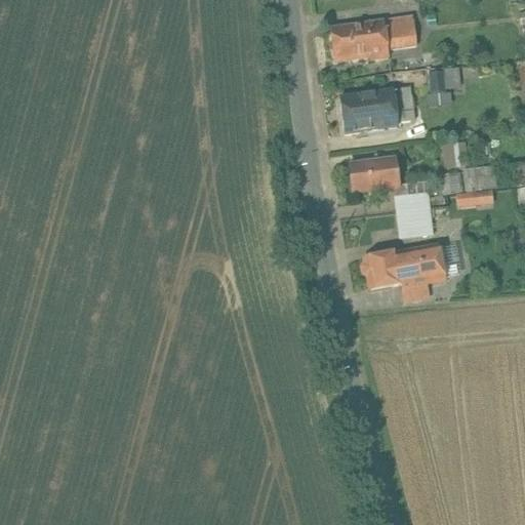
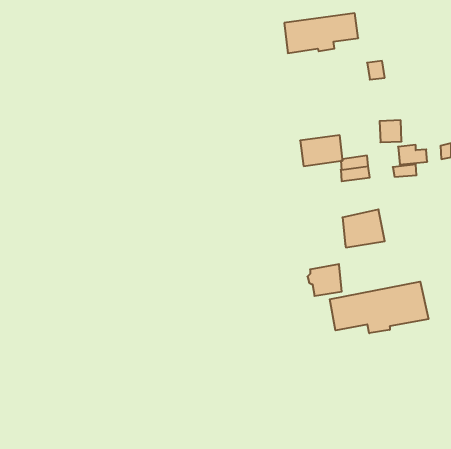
building: [339,86,414,133] -> none
building: [397,206,433,238] -> none
building: [361,251,401,288] -> [307,264,342,296]
building: none -> [330,282,428,333]

